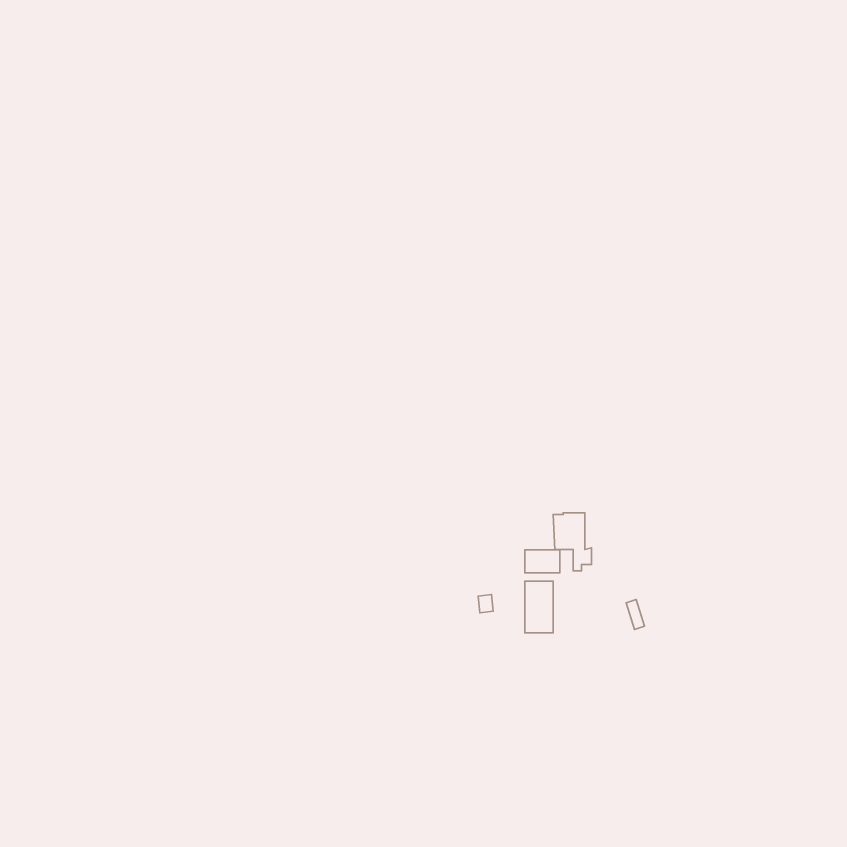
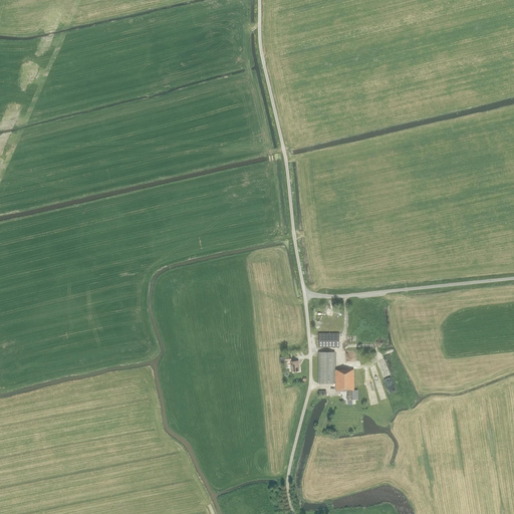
building: [553,513,591,571] -> [334,368,357,404]

